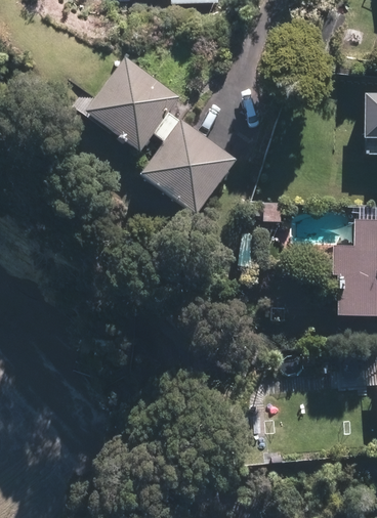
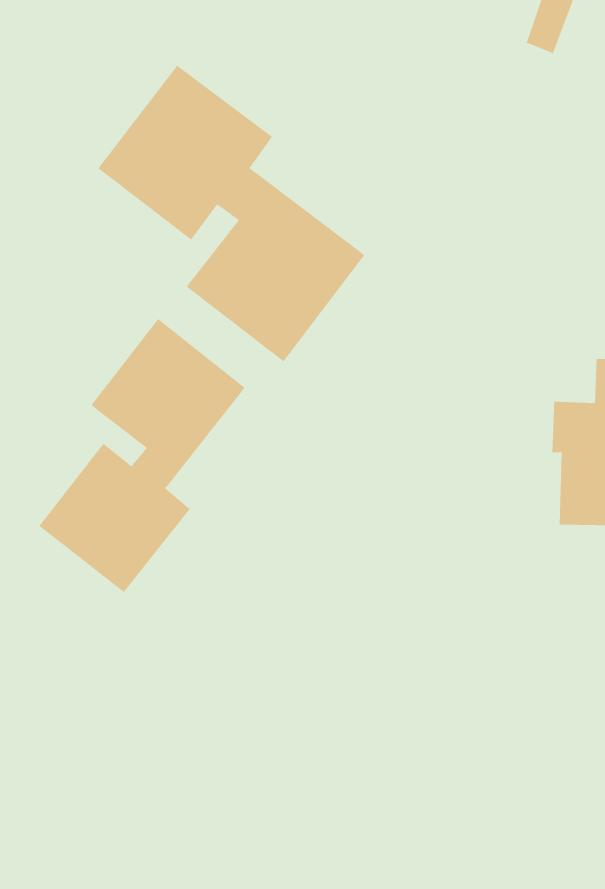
building: none -> [38,318,246,593]

